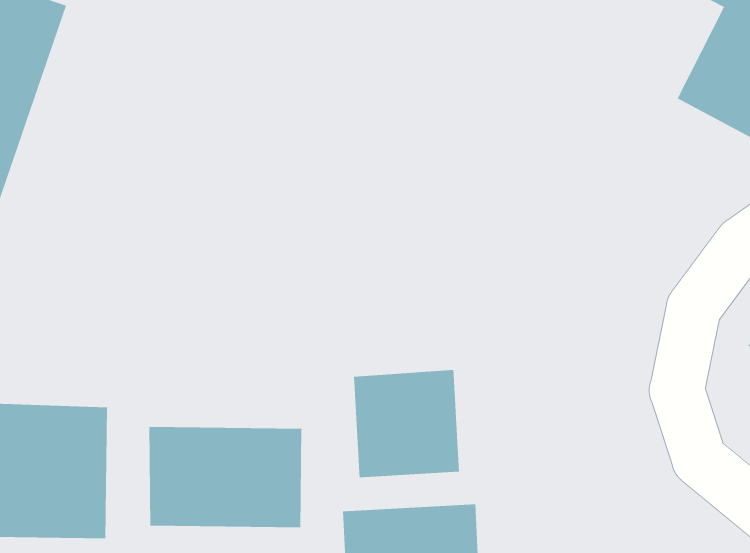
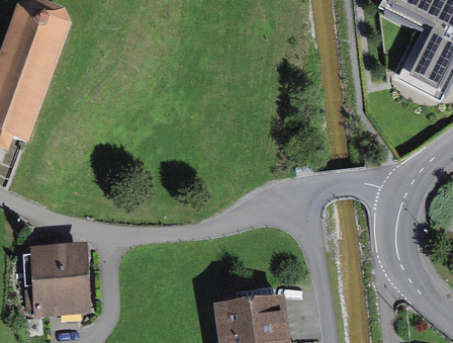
building: [354,369,459,478] -> none
building: [149,426,302,528] -> none

